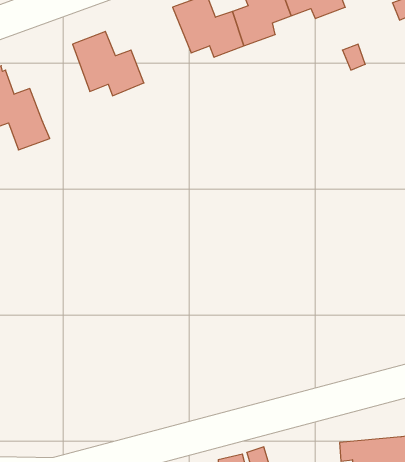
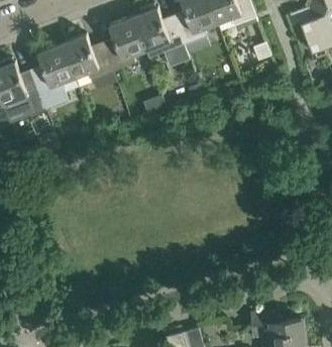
building: none -> [104,17,146,71]
building: none -> [32,43,75,110]

